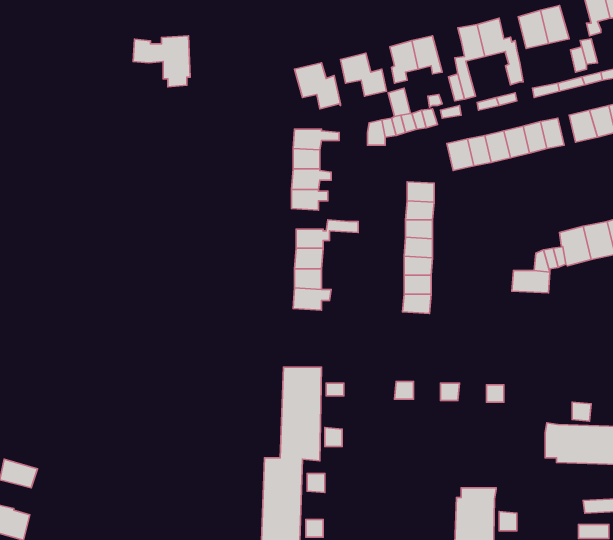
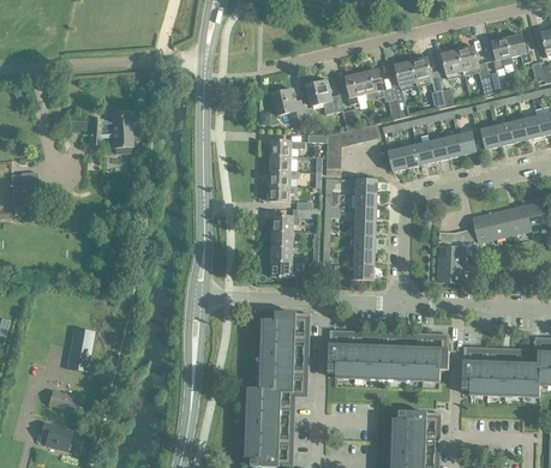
building: [133,36,190,87] -> [89,114,132,152]
building: none -> [435,262,463,282]
building: none -> [66,325,92,370]
building: none -> [327,346,449,378]

